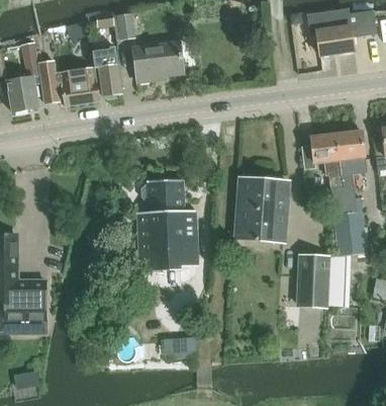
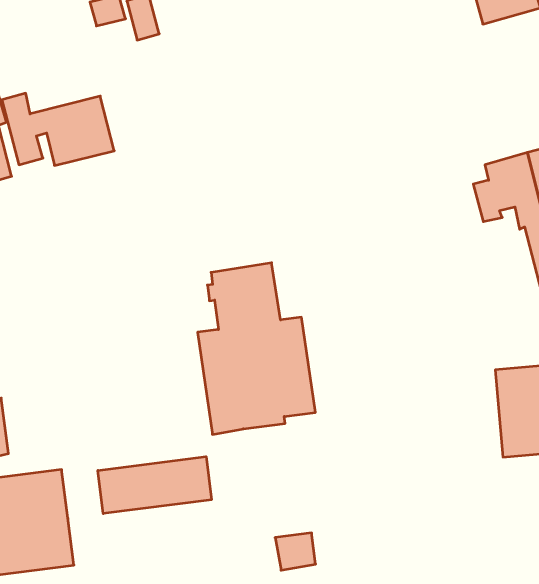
building: [130,42,181,79] -> none
building: [92,47,120,97] -> none
building: [236,176,288,245] -> none
building: none -> [98,457,211,514]

